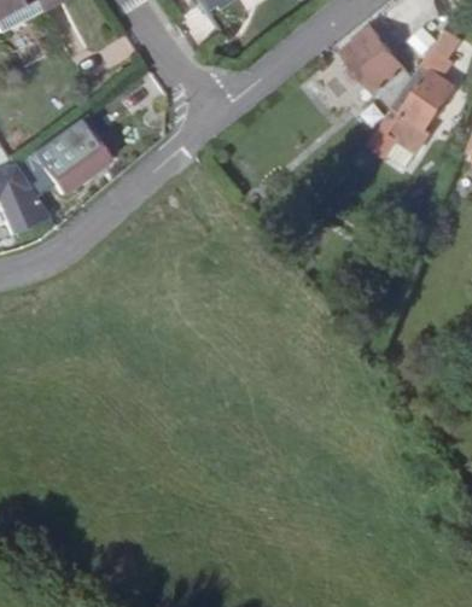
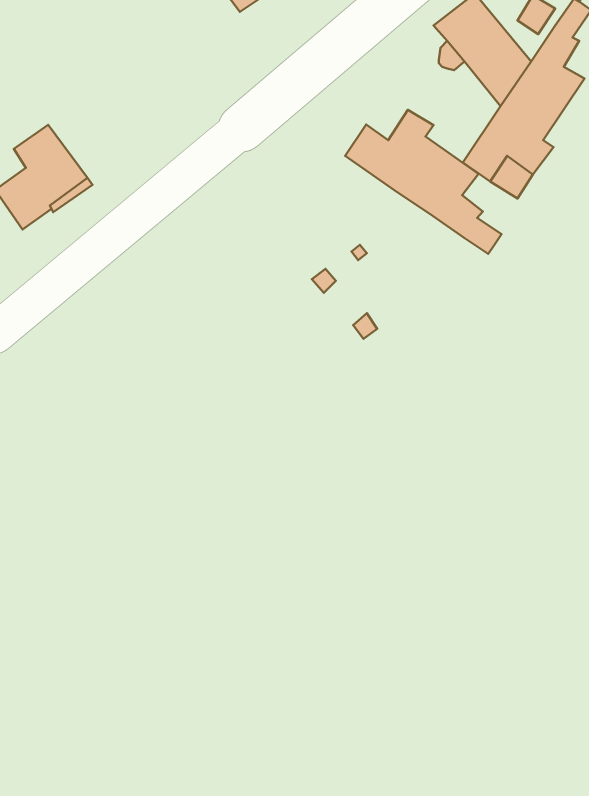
building: none -> [345,110,501,254]

